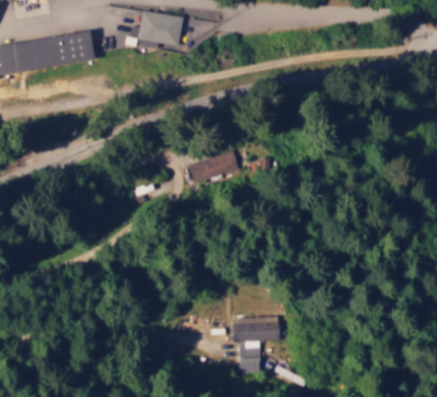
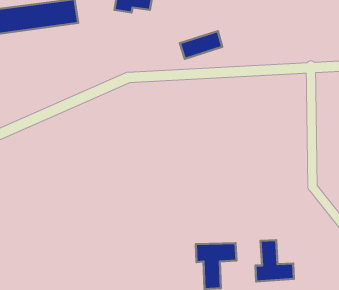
building: [189,150,239,183] -> [180,31,222,59]
building: none -> [255,240,294,282]

